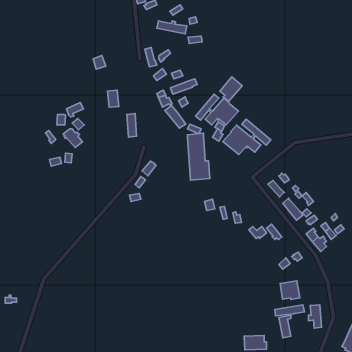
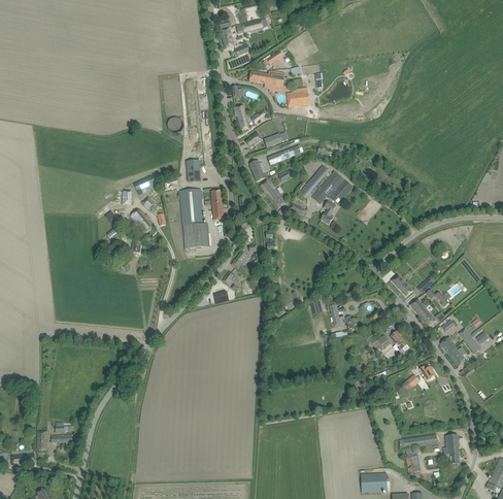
building: [220,77,242,101] -> none
building: [223,119,271,155] -> none
building: [187,133,210,180] -> [180,189,209,248]
building: [280,281,300,300] -> none

